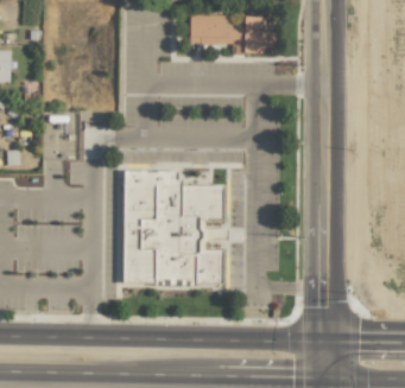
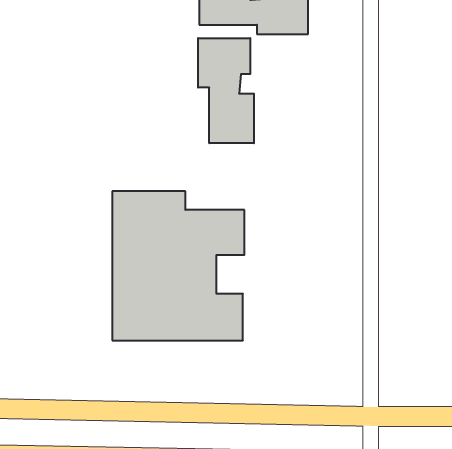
building: none -> [198,38,254,143]

